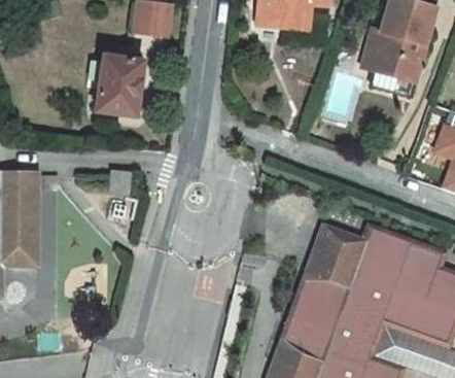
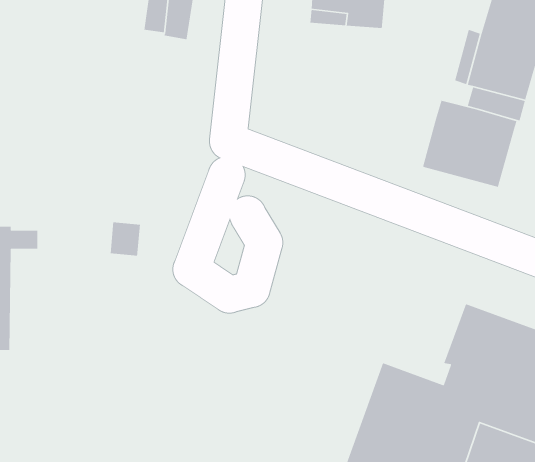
building: [97,57,143,116] -> none
building: none -> [423,100,517,188]
building: [306,225,366,288] -> none

